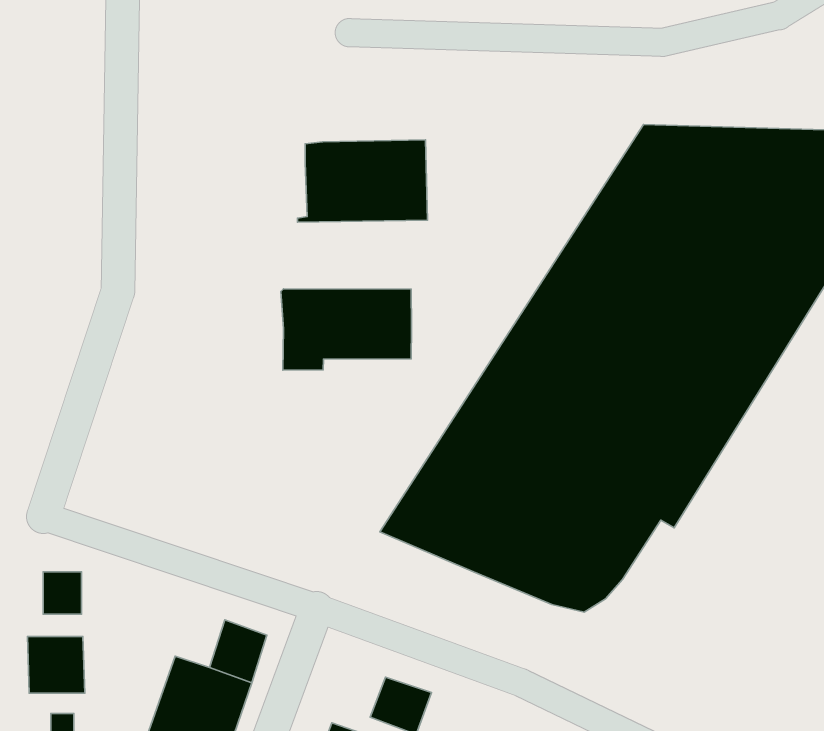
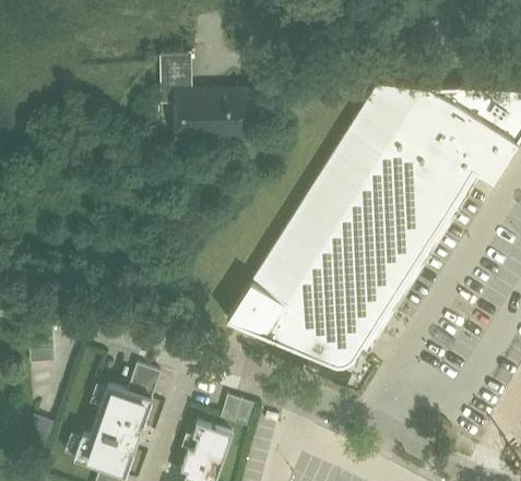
building: none -> [159,57,191,109]
building: [281,289,412,370] -> none
building: [27,637,85,693] -> none

